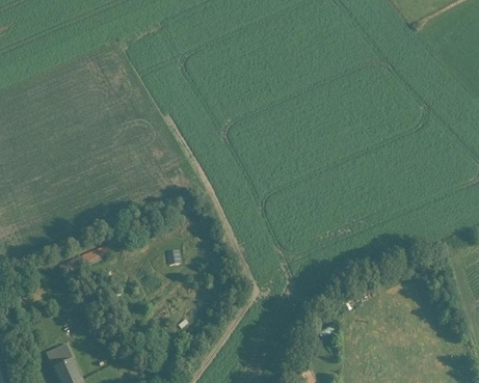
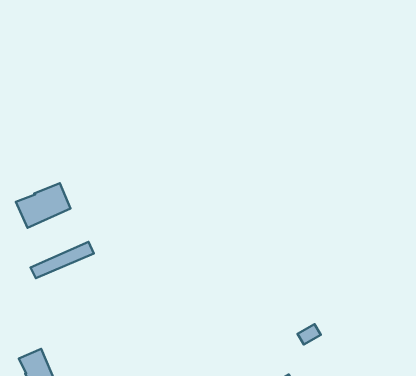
building: none -> [16,183,71,228]

